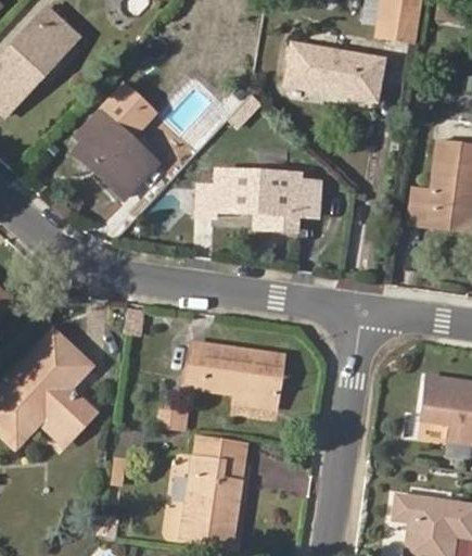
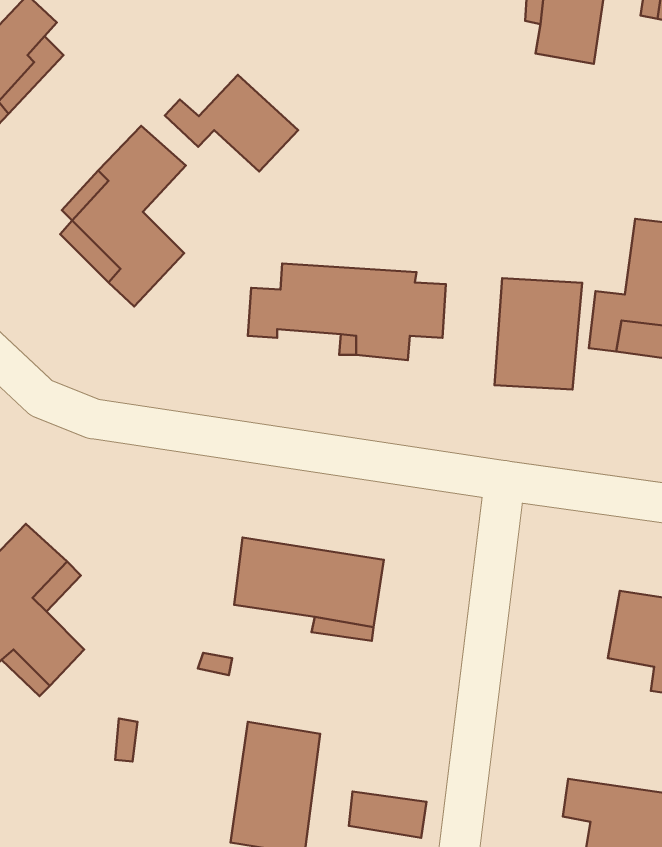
building: [285,42,383,100] -> none
building: none -> [165,75,298,171]
building: none -> [494,278,582,389]
building: [195,437,244,466] -> [349,791,426,838]

